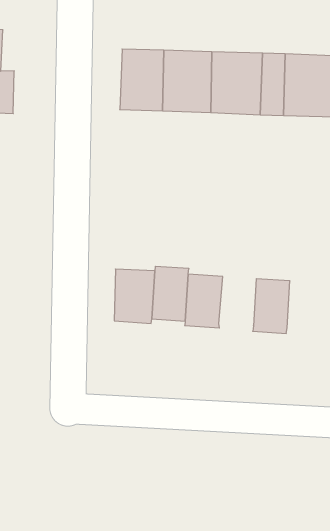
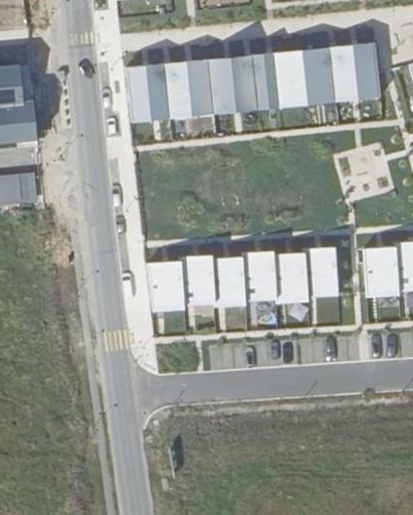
building: none -> [243,252,277,302]
building: none -> [304,249,338,298]

